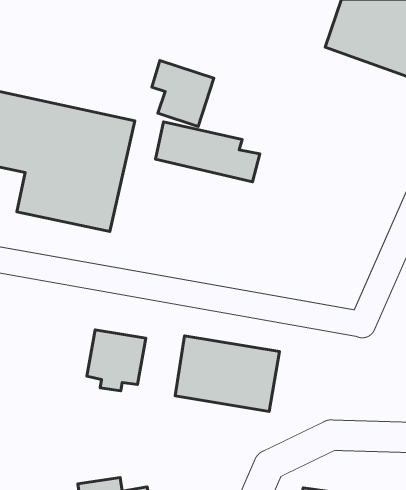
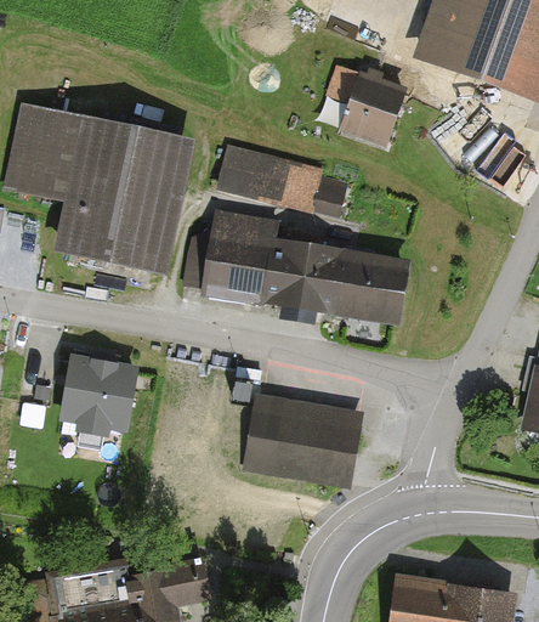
building: [152,60,214,127] -> [331,72,404,149]
building: none -> [181,209,413,326]
building: [87,330,146,391] -> [62,362,131,434]

